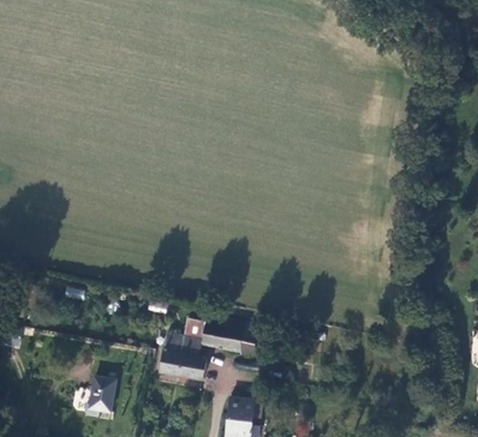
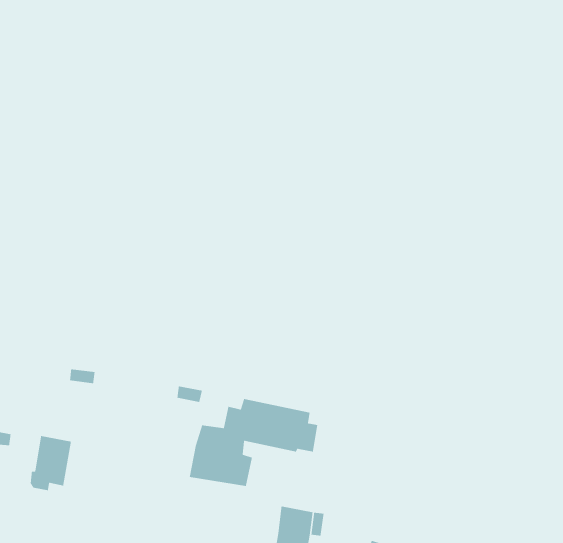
building: [83,376,115,419] -> [30,435,72,491]

